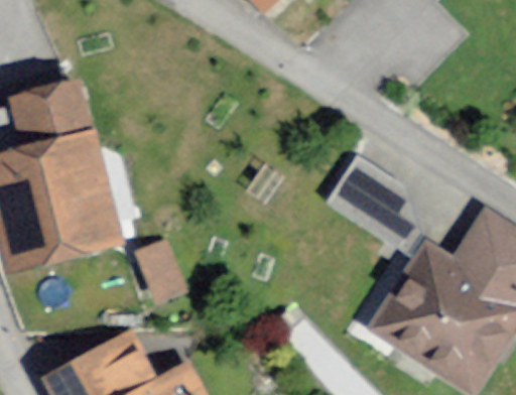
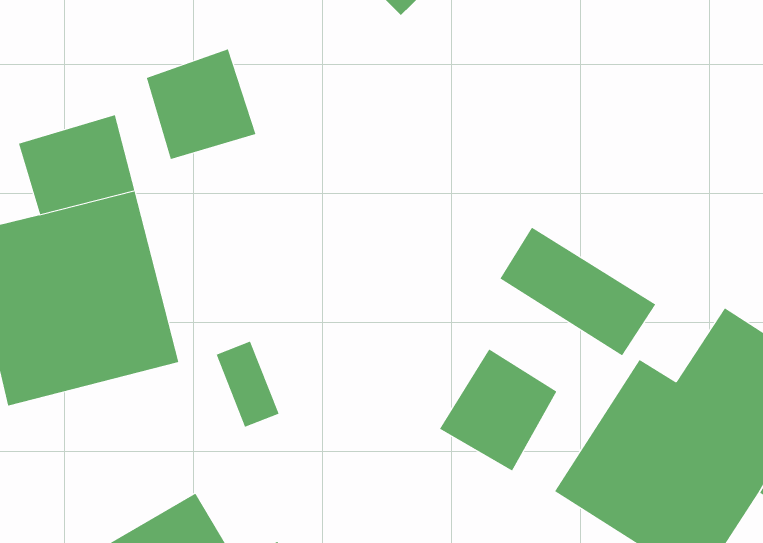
building: none -> [146,48,256,160]
building: none -> [439,349,557,472]

